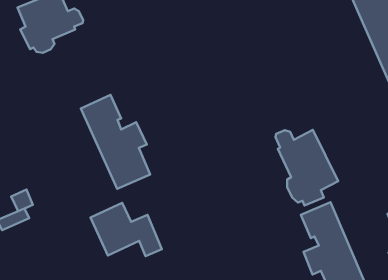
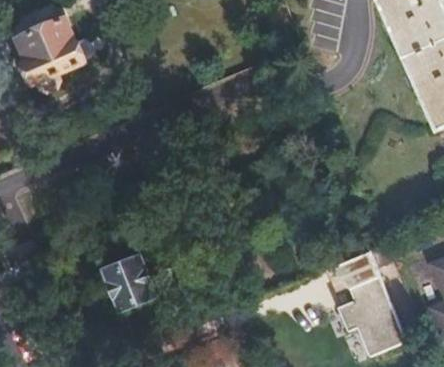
building: [81,95,150,189] -> none
building: [275,130,338,206] -> none

